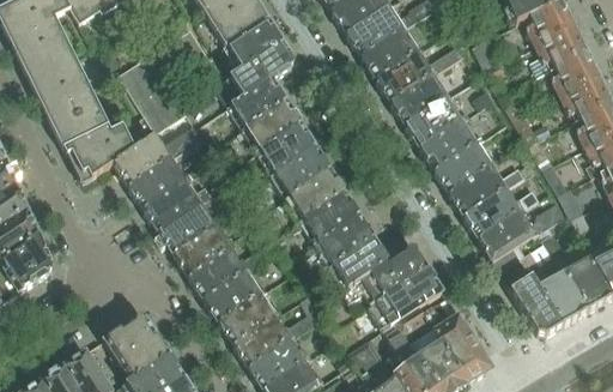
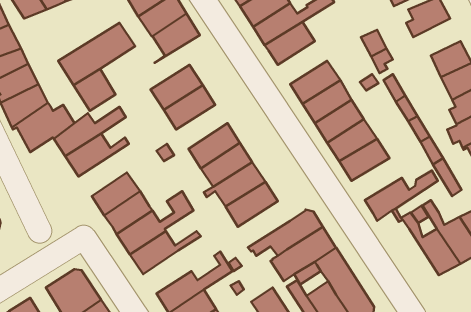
building: [530,22,589,74] -> none
building: [224,42,295,105] -> none
building: [376,43,463,99] -> none
building: [257,123,317,175] -> none
building: [144,180,213,230] -> none
building: [462,186,521,235] -> none
building: [329,236,390,290] -> none
building: [506,269,564,333] -> none
building: [219,291,302,344] -> none

